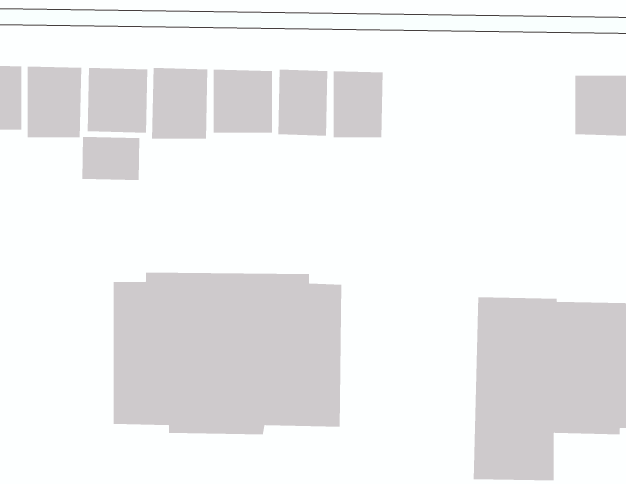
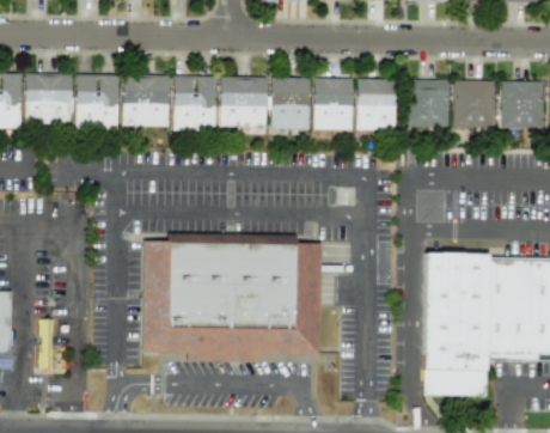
building: none -> [356,79,396,130]
building: none -> [408,80,448,128]
building: none -> [453,80,494,128]
building: [82,136,140,181] -> none

